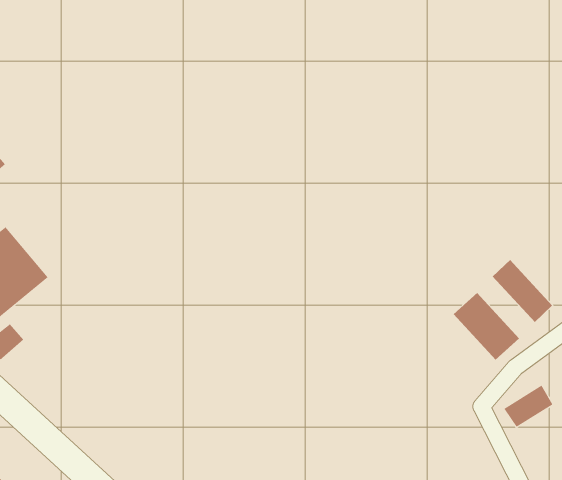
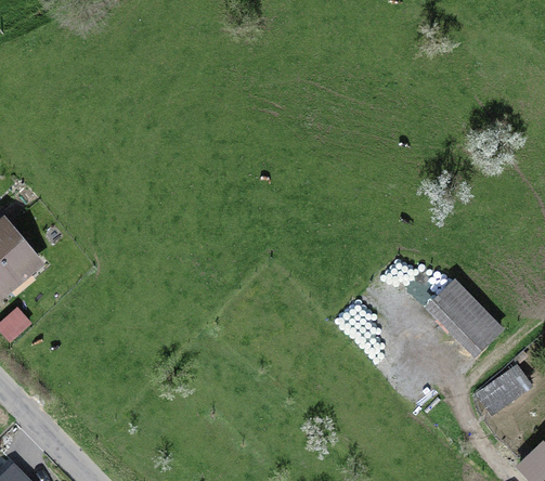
building: [492,259,553,323] -> none

